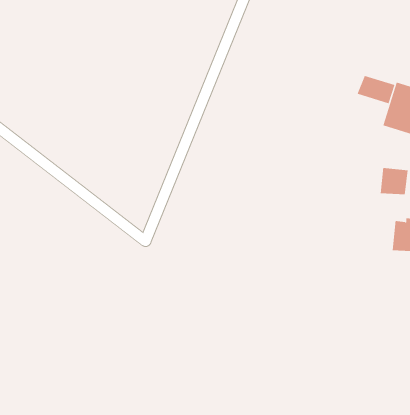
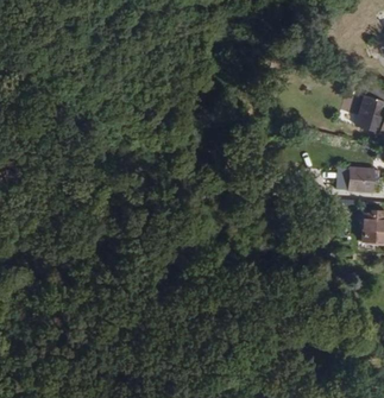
building: [357,75,395,104] -> none

